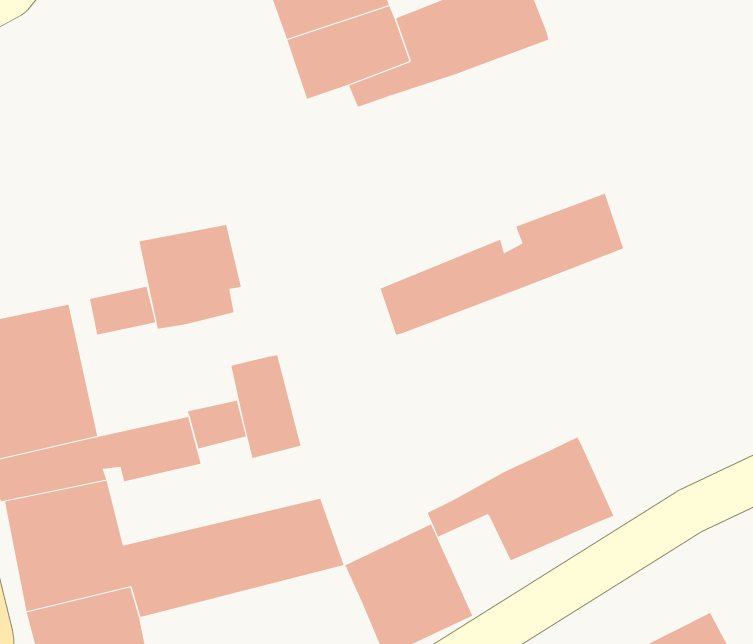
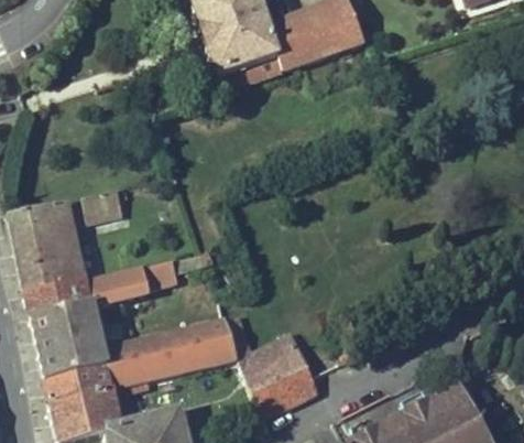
building: [380,193,624,336] -> none
building: [139,224,242,329] -> none
building: [231,355,301,459] -> none
building: [427,437,614,561] -> none

